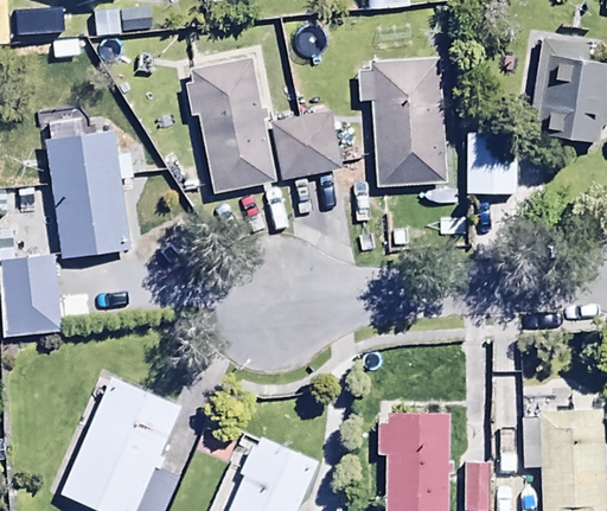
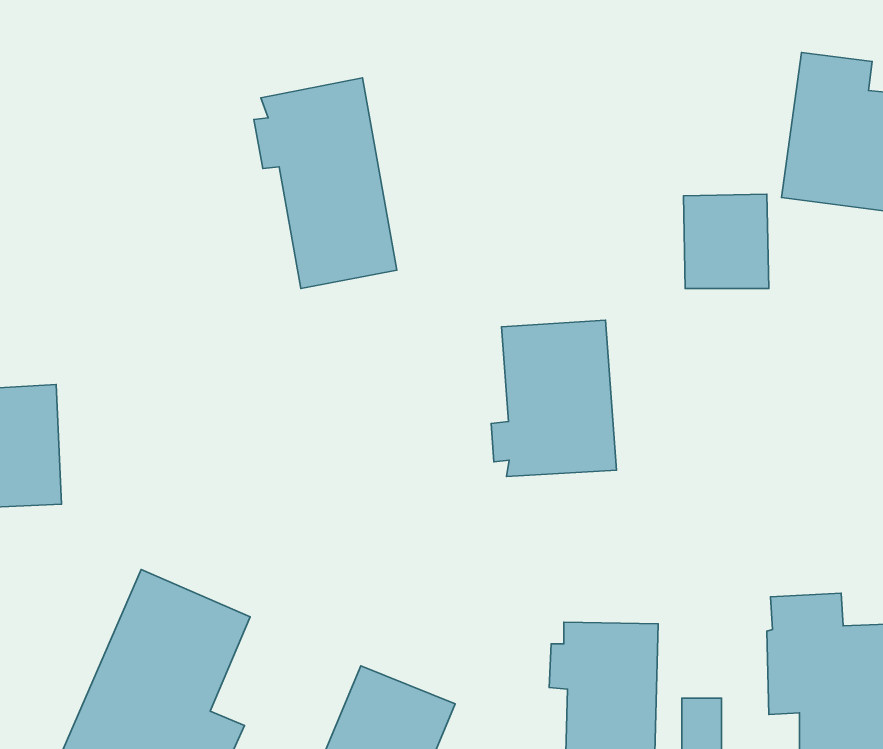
building: [357,56,448,187] -> none
building: [274,111,341,178] -> none
building: [45,121,127,257] -> none
building: none -> [491,320,617,477]

